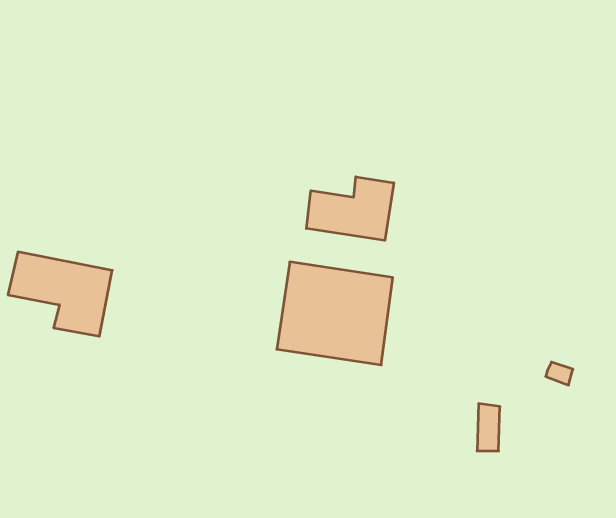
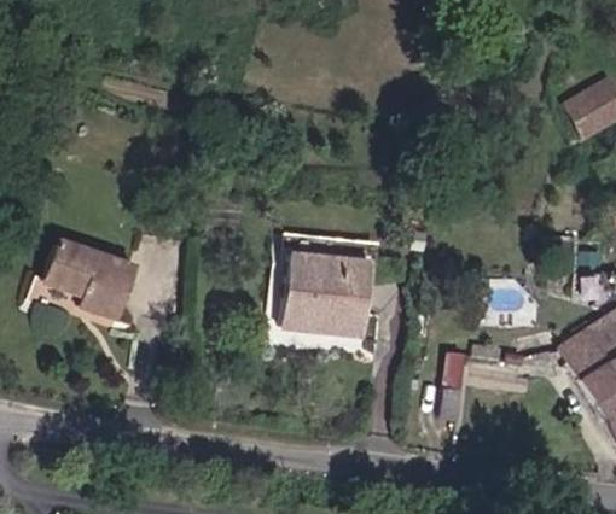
building: [306,177,394,240] -> none

